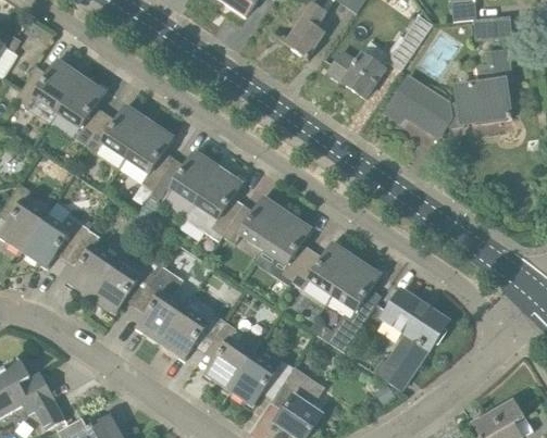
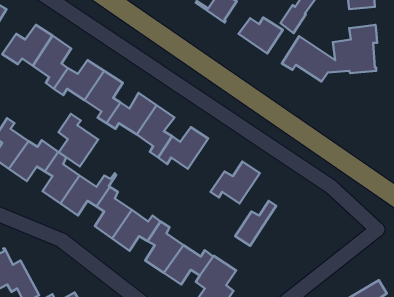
building: none -> [58,114,98,167]
building: [261,211,311,281] -> none
building: [330,256,381,313] -> none
building: [370,289,449,391] -> none

